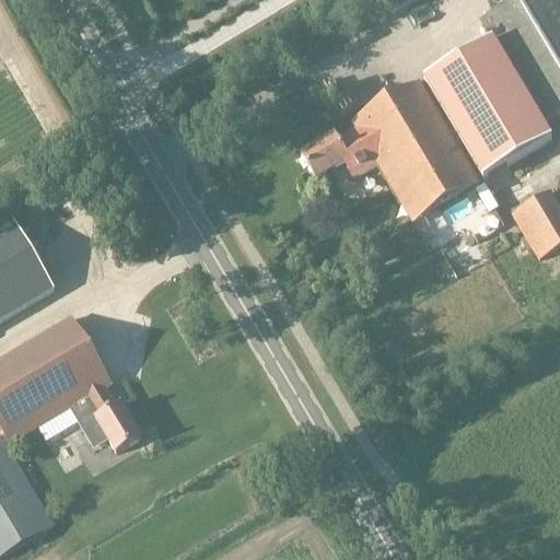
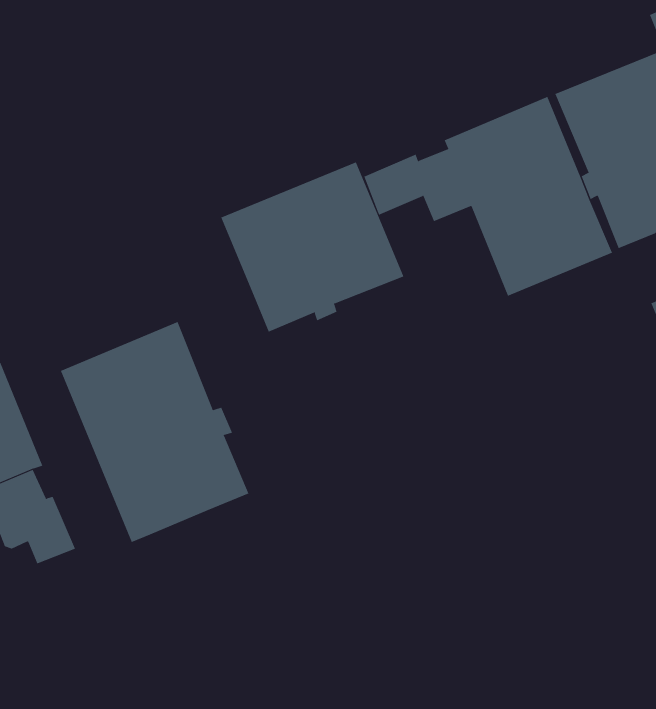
building: none -> [221,162,404,332]
building: none -> [60,321,249,543]

